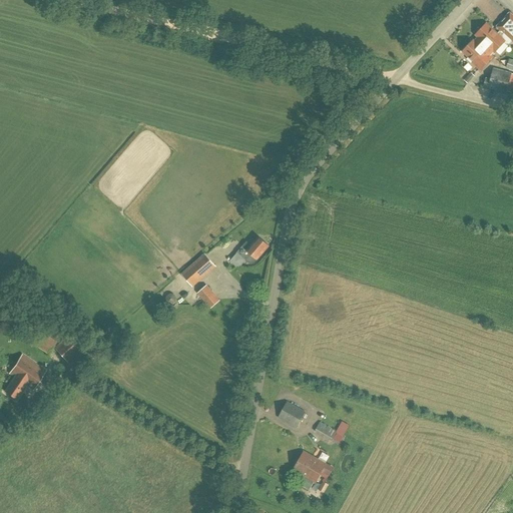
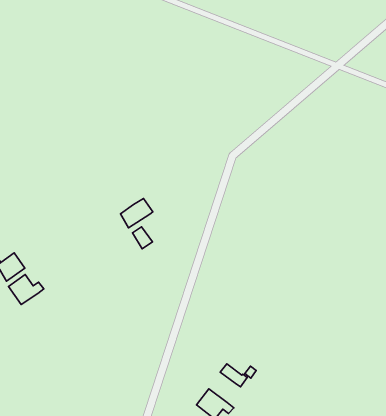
building: [236,236,269,263] -> none
building: none -> [9,275,44,304]
building: [278,400,305,427] -> none

